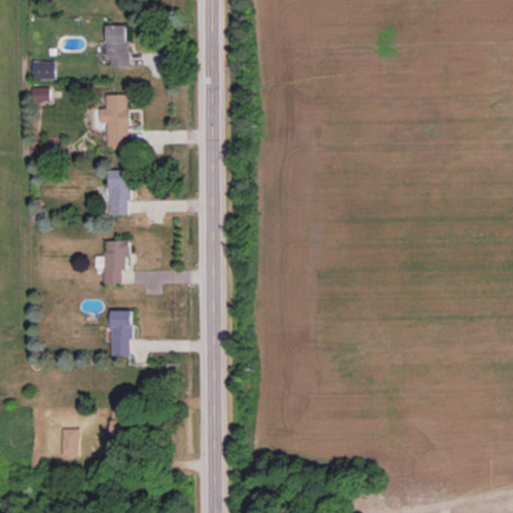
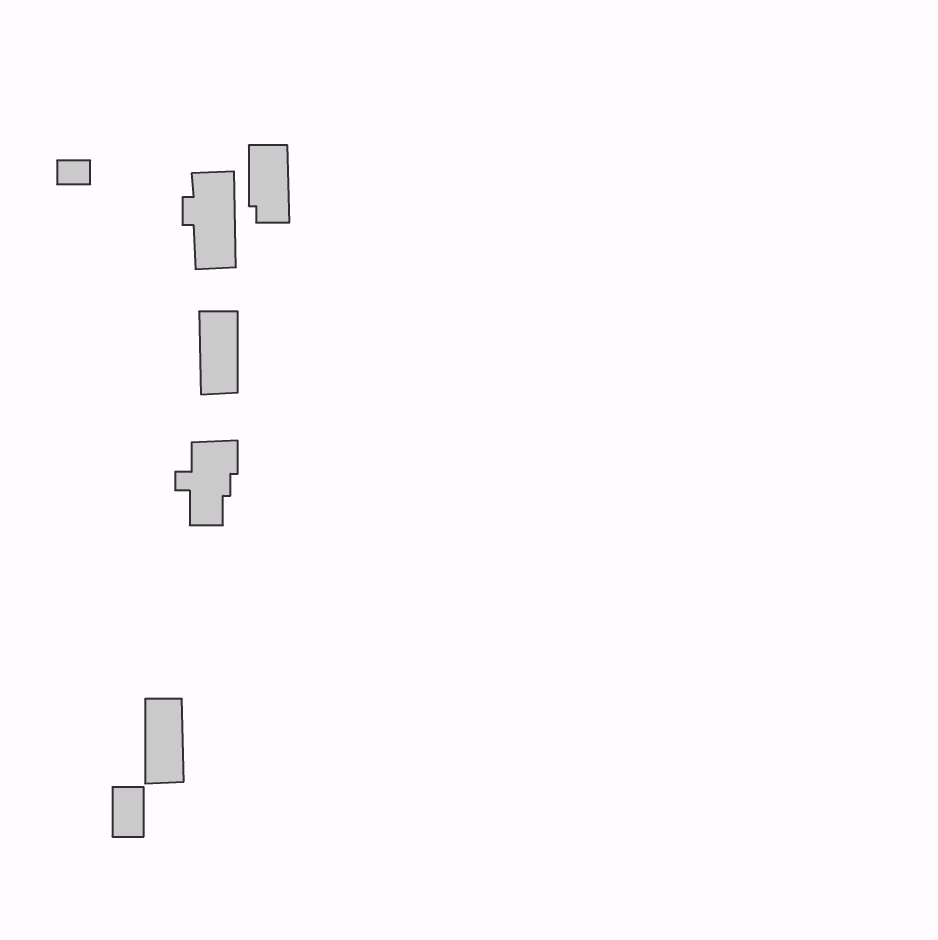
building: [105,25,127,67] -> [249,145,289,223]
building: [31,61,54,80] -> none
building: [110,311,131,357] -> [145,699,184,784]

